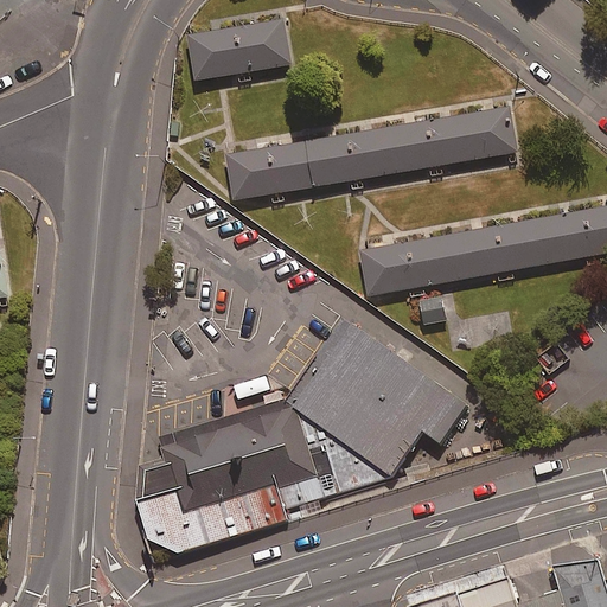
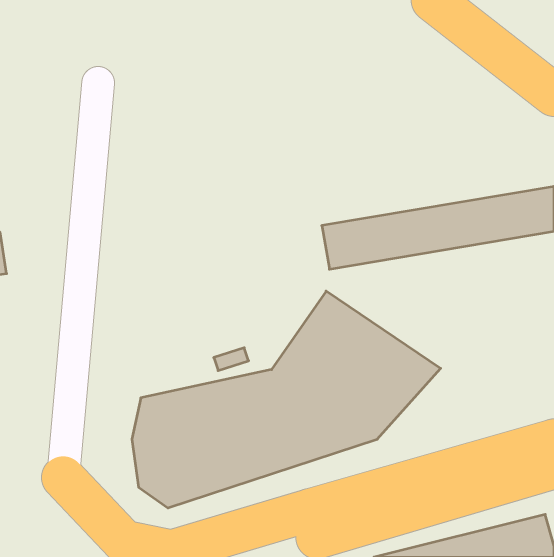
building: [173,13,277,83] -> none
building: [219,109,503,209] -> none

